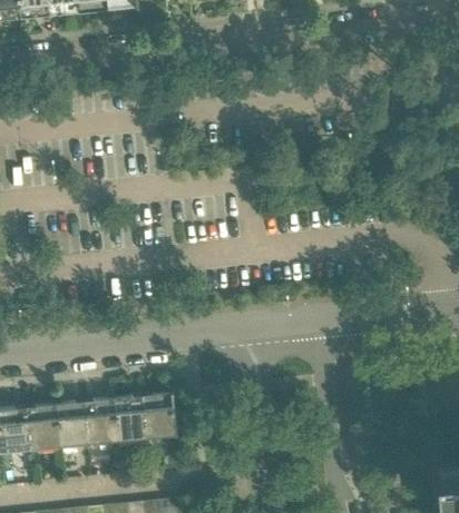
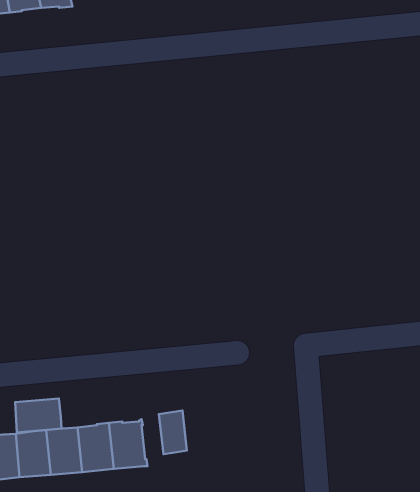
building: none -> [15,398,62,432]
building: none -> [159,411,187,454]

